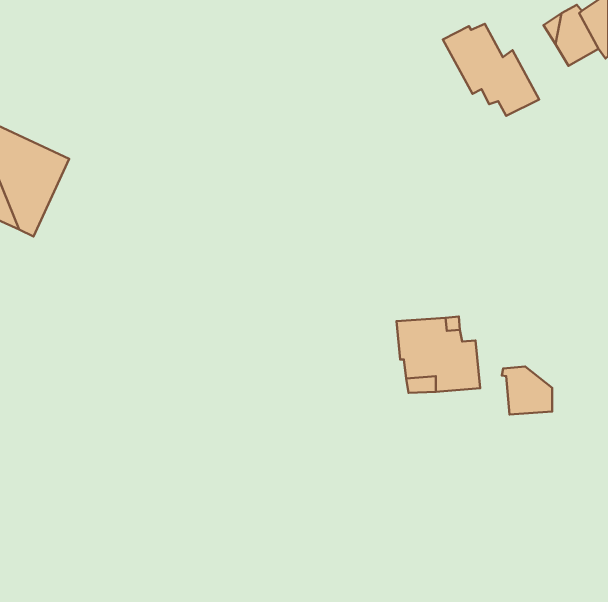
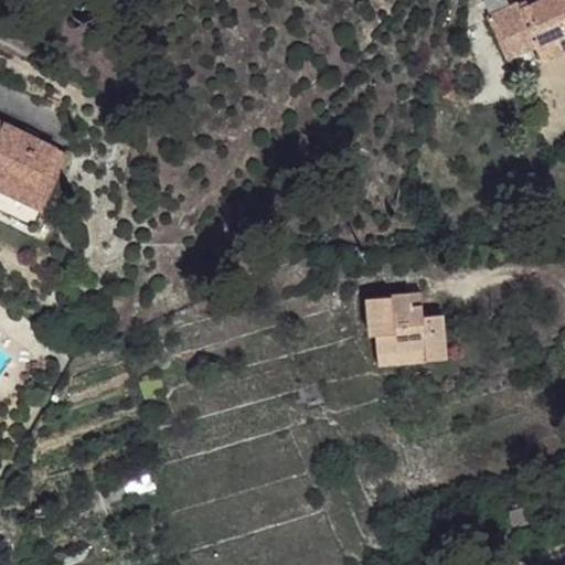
building: [443,24,539,116] -> none
building: [502,367,552,415] -> none

